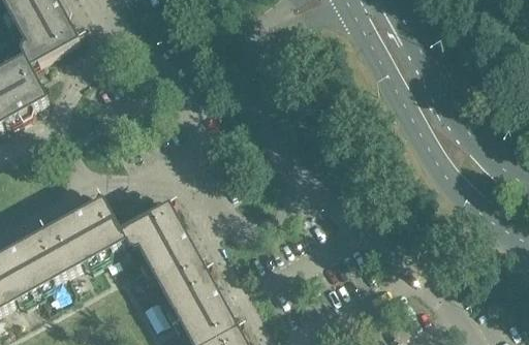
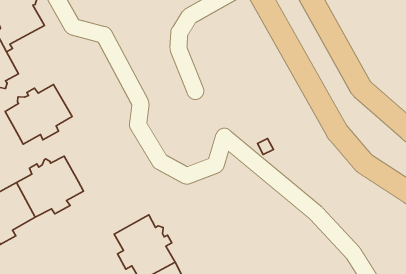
building: none -> [5,84,72,144]
building: [119,200,205,291] -> none

